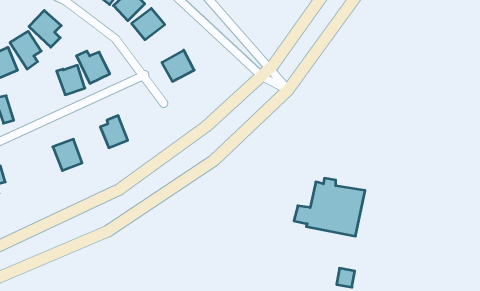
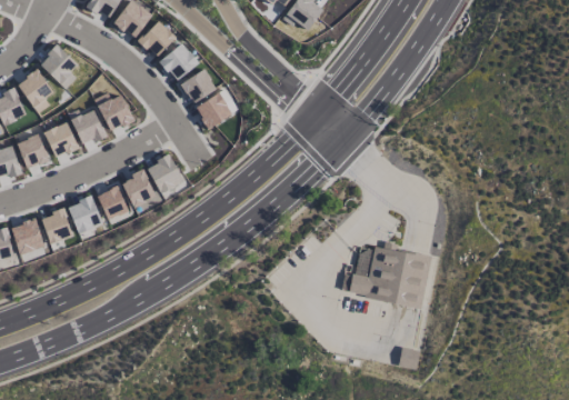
building: none -> [180,69,216,103]
building: none -> [43,122,78,158]
building: none -> [17,134,48,169]
building: none -> [147,156,182,192]
building: none -> [97,187,127,219]
building: none -> [41,210,71,242]
building: none -> [10,219,43,254]

